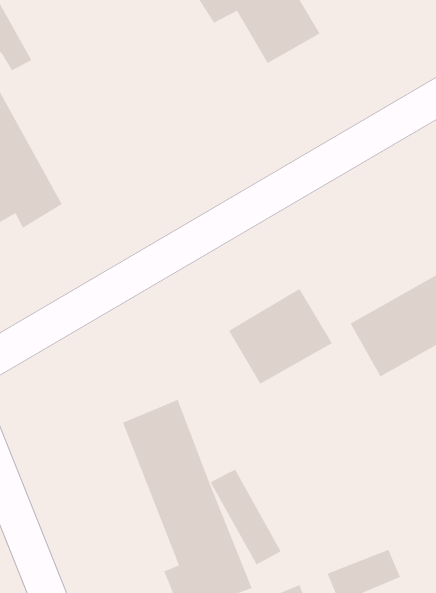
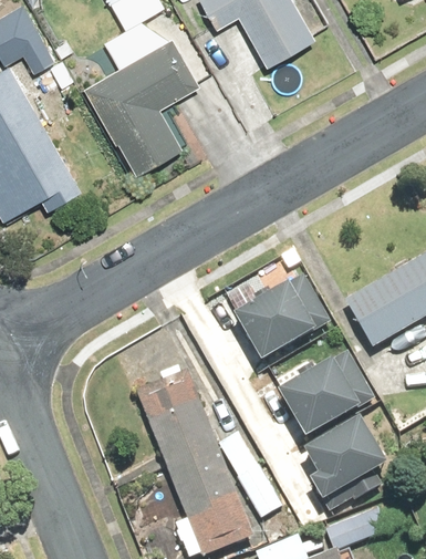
building: none -> [83,20,200,174]
building: none -> [278,344,373,432]
building: none -> [303,417,387,506]

